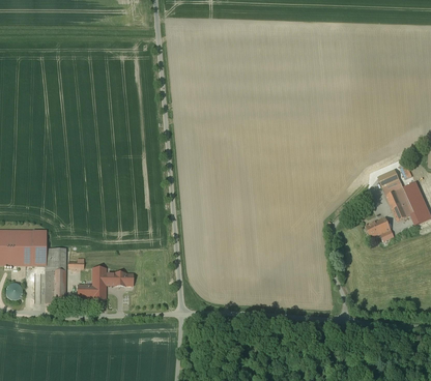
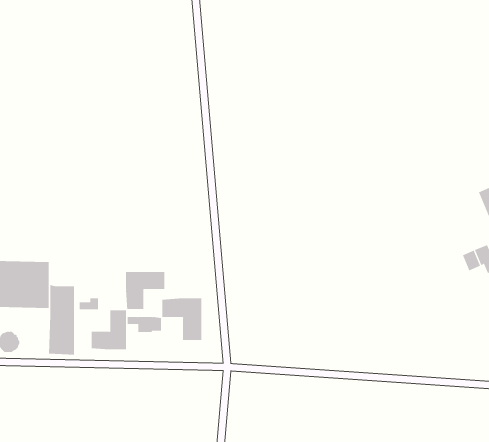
building: none -> [126,271,165,310]
building: none -> [162,298,202,341]

